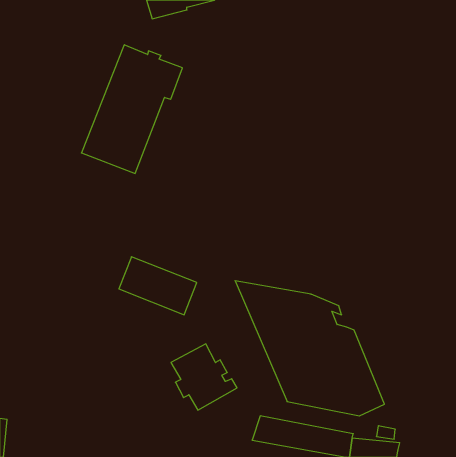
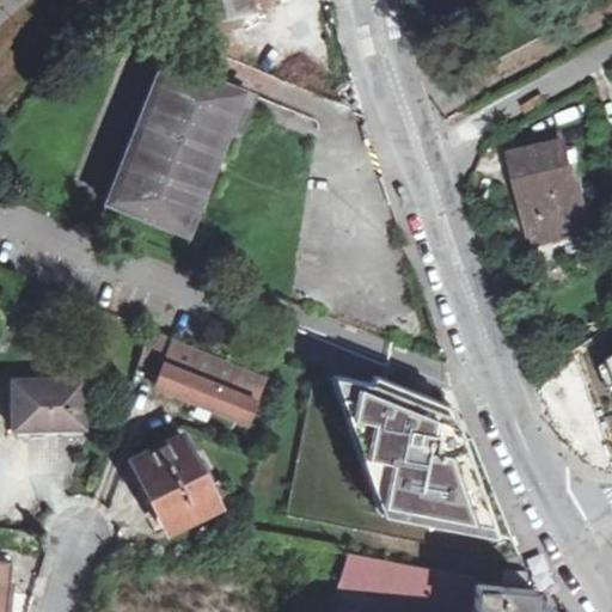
building: none -> [510,151,583,244]
building: none -> [12,382,80,432]
building: [171,344,237,410] -> [134,439,222,527]

